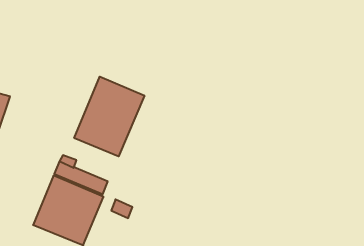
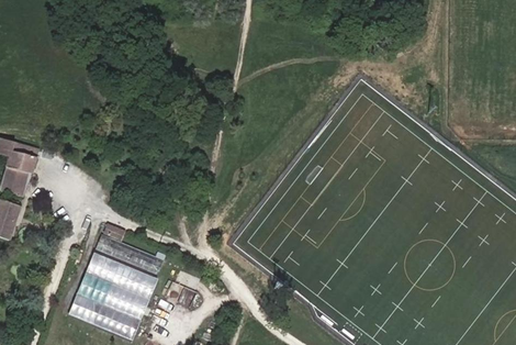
building: [74,77,144,156] -> none

